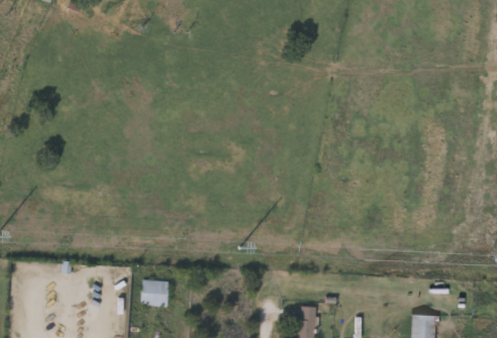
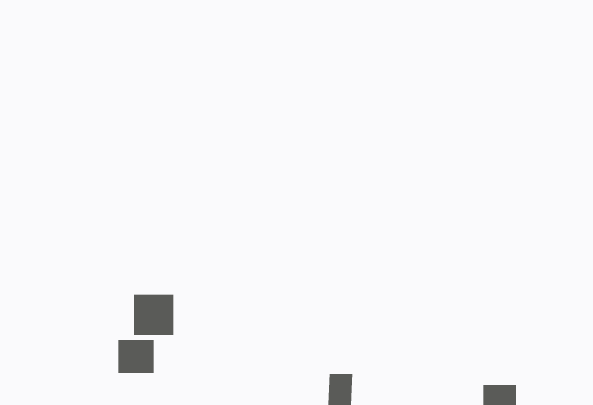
building: none -> [133,294,174,336]

